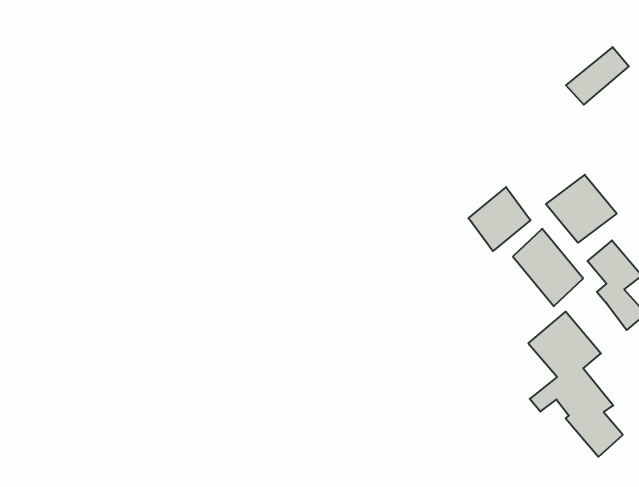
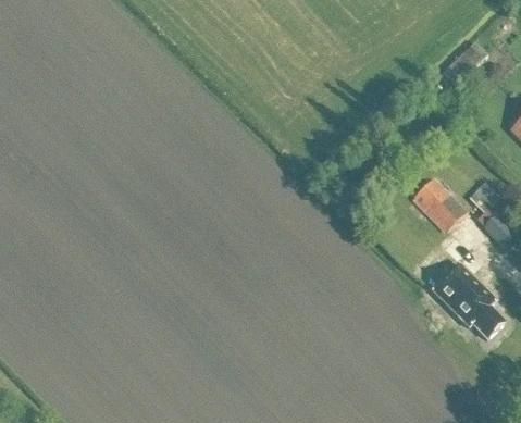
building: [546,175,617,243] -> none
building: [468,187,531,251] -> none

